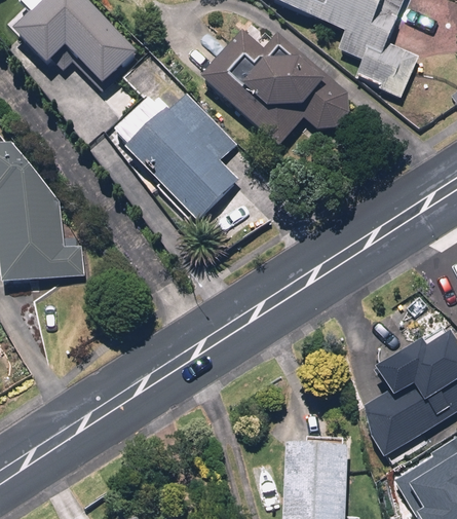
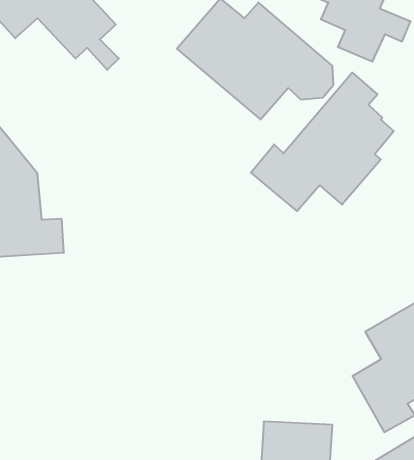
building: [111,91,242,225] -> none
building: none -> [251,73,394,211]

